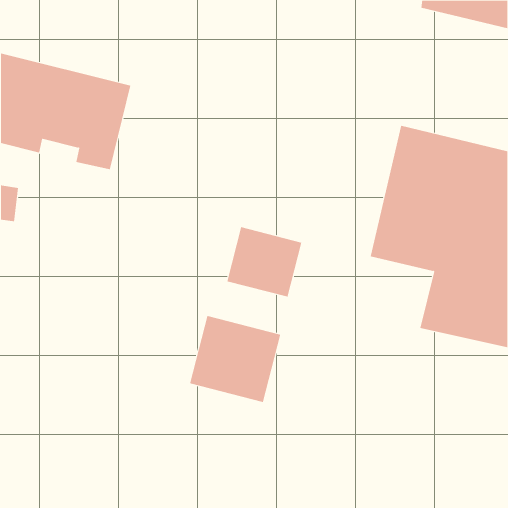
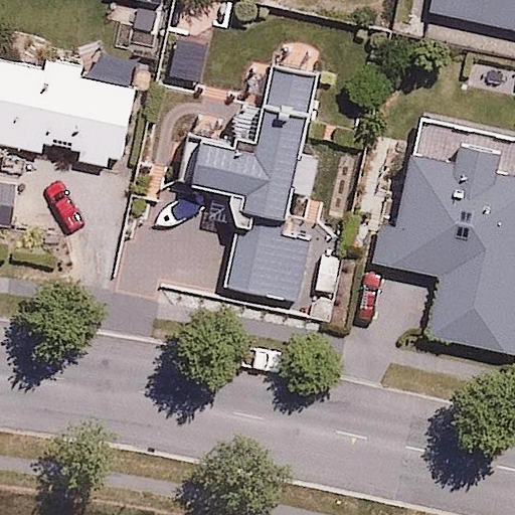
building: none -> [194,69,314,224]
building: [189,315,281,403] -> none

